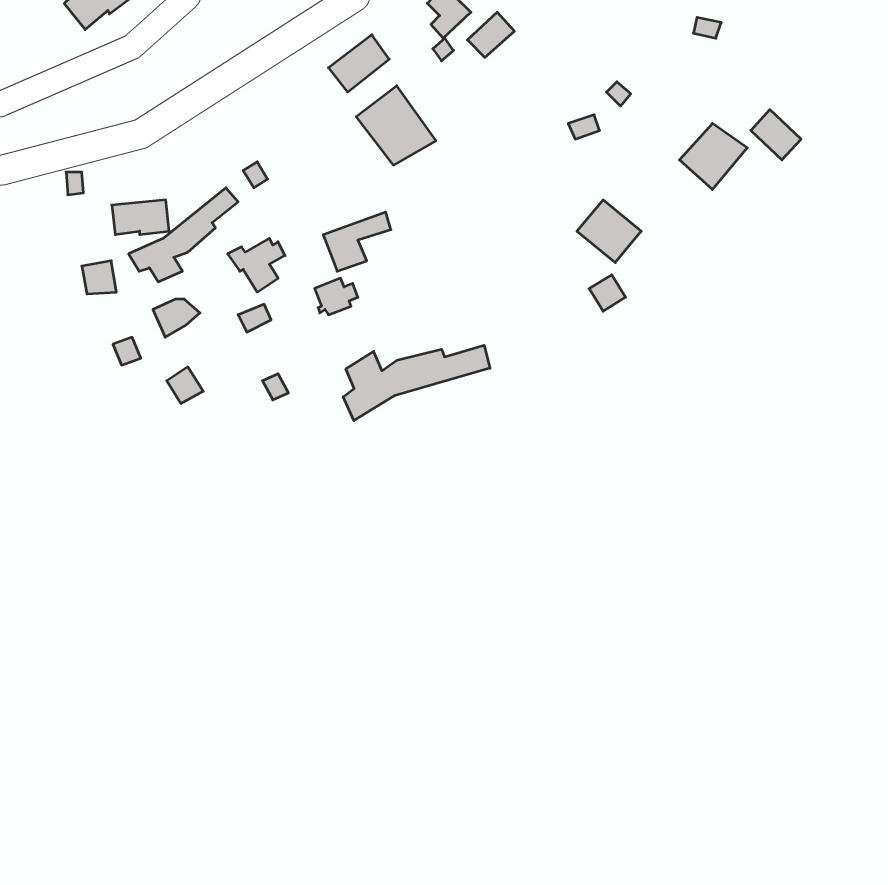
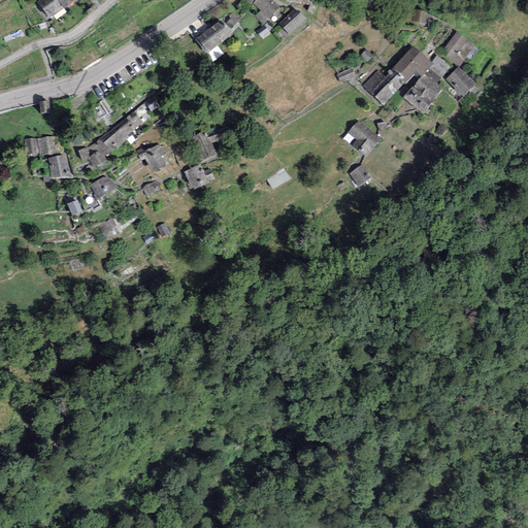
building: none -> [440,30,475,64]
building: none -> [362,46,433,104]
building: [356,86,436,165] -> none
building: [112,200,169,235] -> [24,135,58,156]
building: [343,345,490,421] -> none

